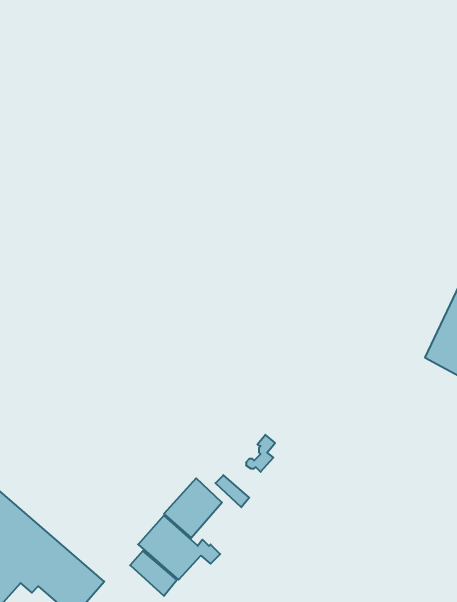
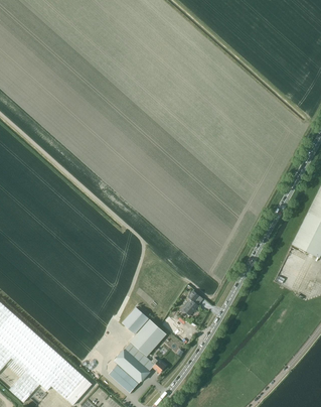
building: none -> [122,307,149,334]

